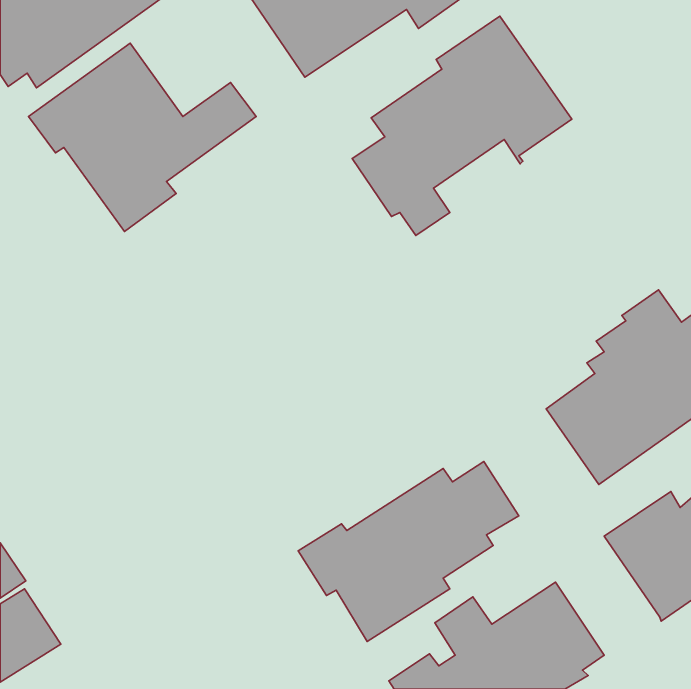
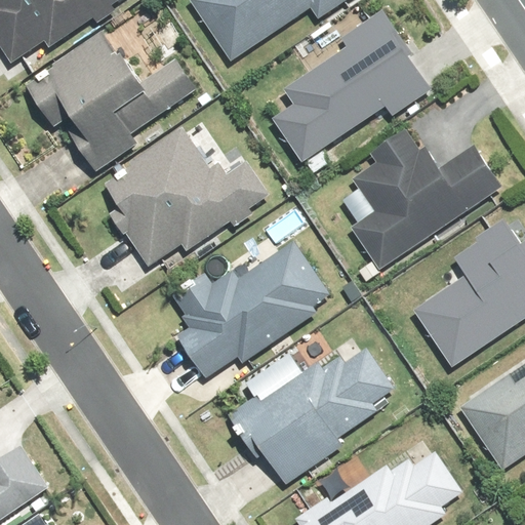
building: none -> [97,128,270,267]
building: none -> [347,129,501,269]
building: none -> [173,242,332,377]

